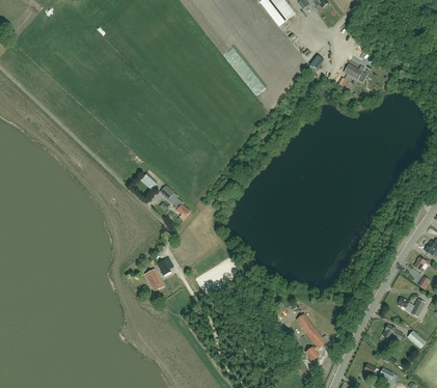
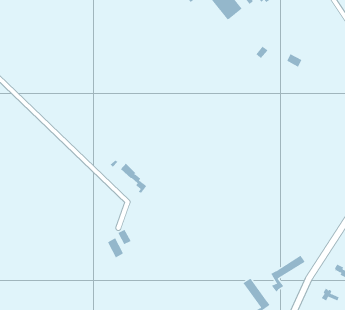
building: none -> [271,255,305,292]

